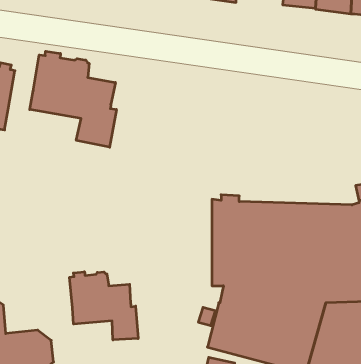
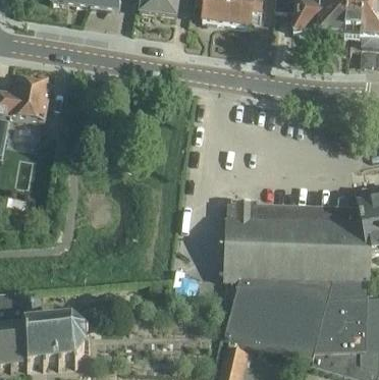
building: [30,51,116,147] -> none
building: [70,272,138,340] -> none

